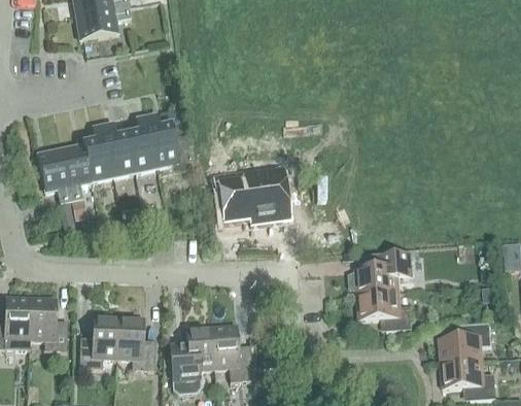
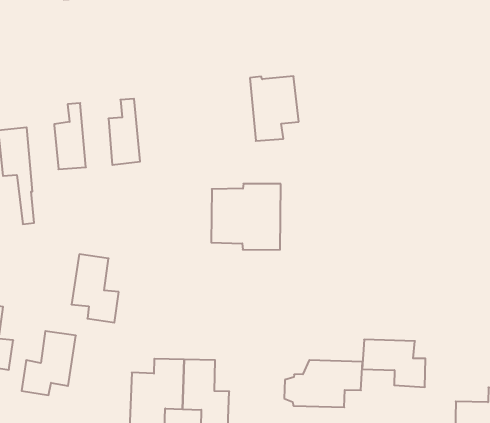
building: [147,110,192,167] -> [250,76,299,141]
building: [103,122,135,176] -> none
building: [61,144,91,201] -> none
building: [349,252,413,295] -> [284,360,363,407]
building: [117,316,155,370] -> [71,254,119,323]

